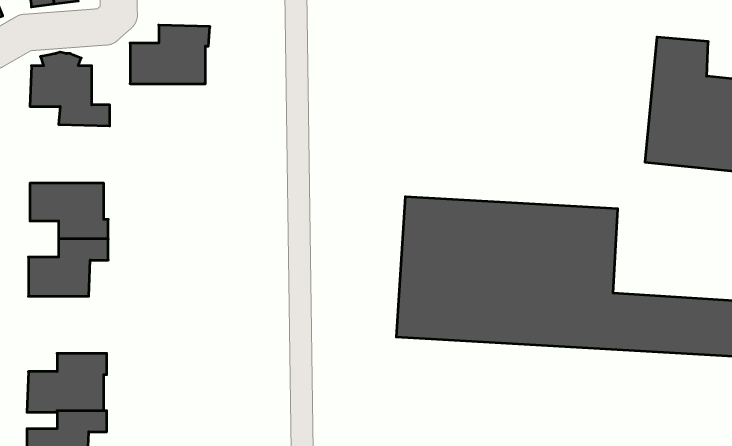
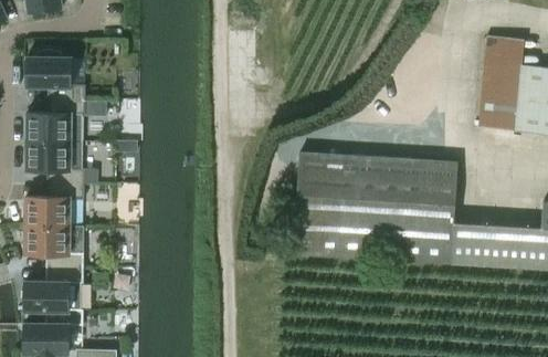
building: [130,25,210,84] -> [27,99,85,143]
building: none -> [25,225,83,267]

